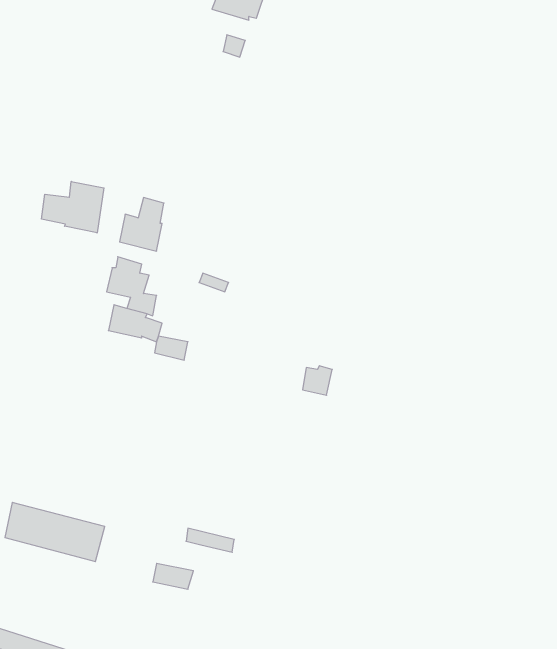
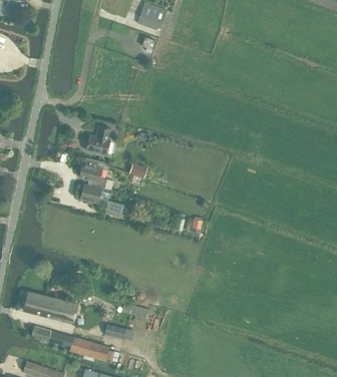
building: [42,181,104,233] -> none
building: none -> [31,325,119,361]

